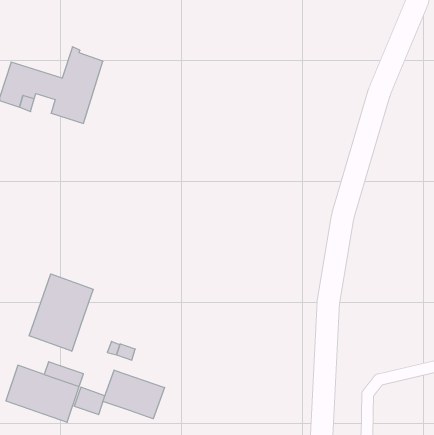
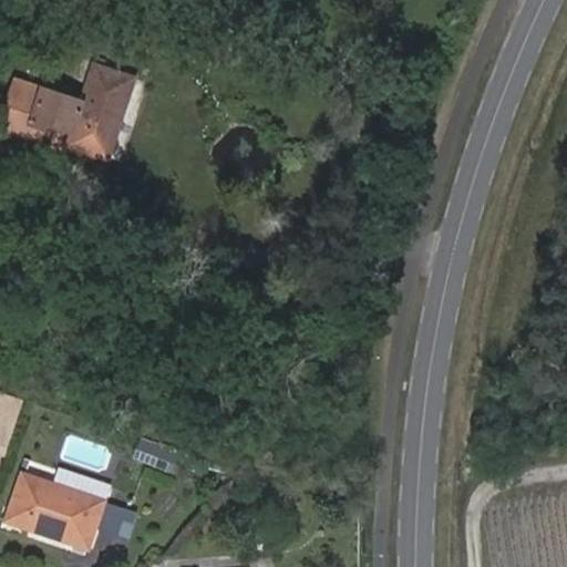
building: [29,274,93,351] -> none
building: [103,370,165,419] -> none

